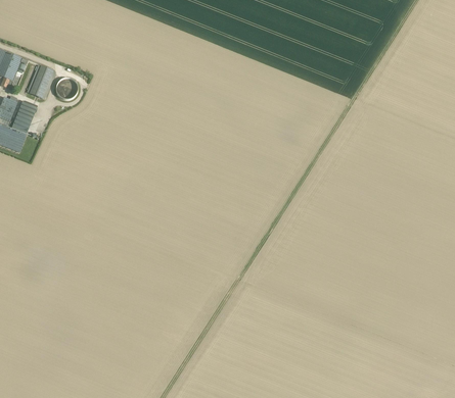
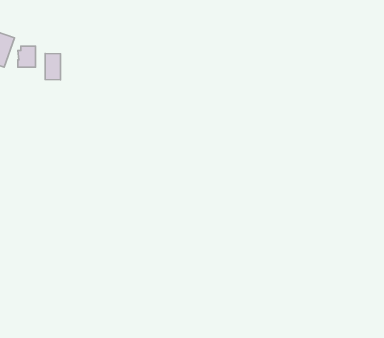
building: none -> [45,53,61,80]

